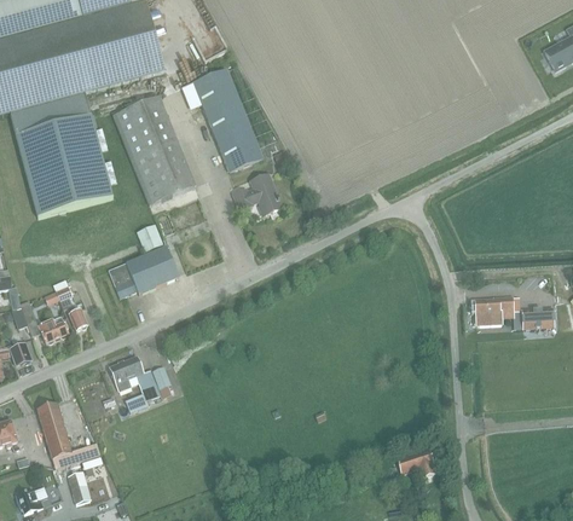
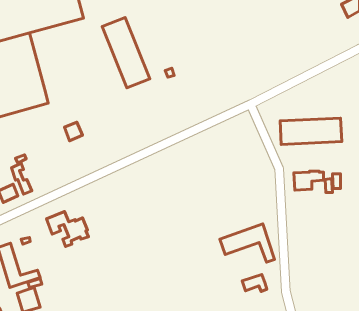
building: [123,97,193,199] -> none
building: [231,174,280,216] -> none
building: none -> [280,118,342,144]
building: [106,244,178,296] -> none
building: none -> [220,224,275,262]

